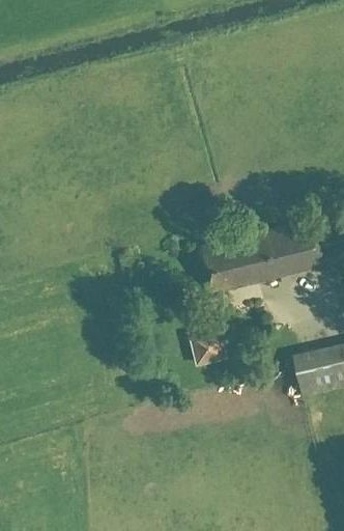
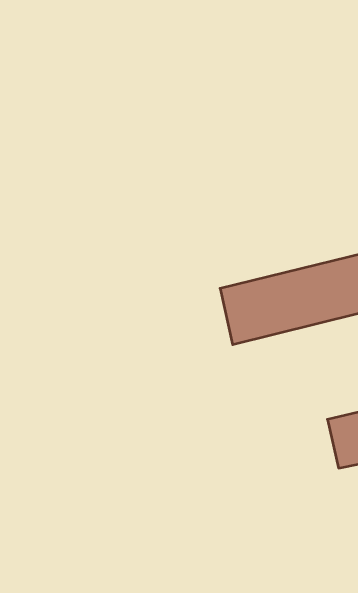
building: [190,322,225,364] -> none

